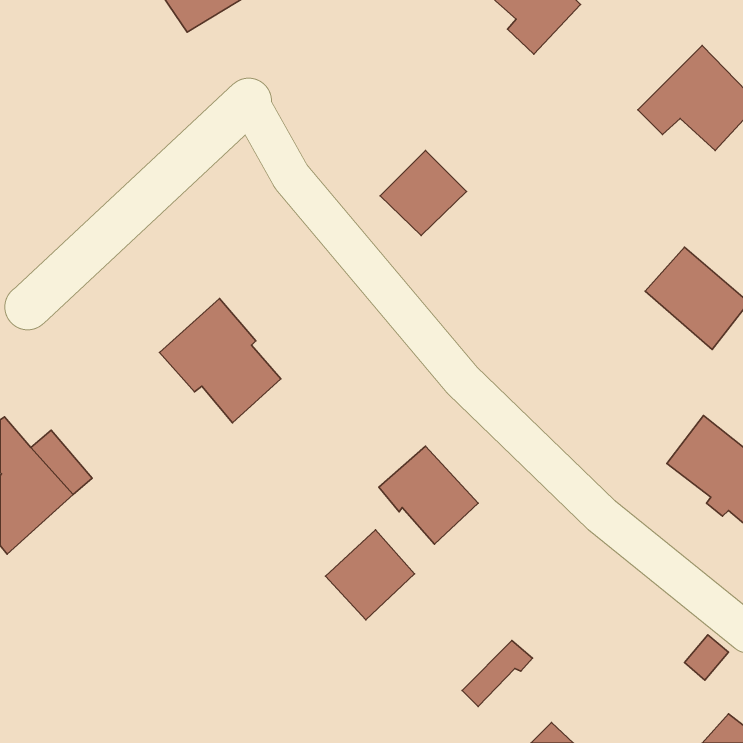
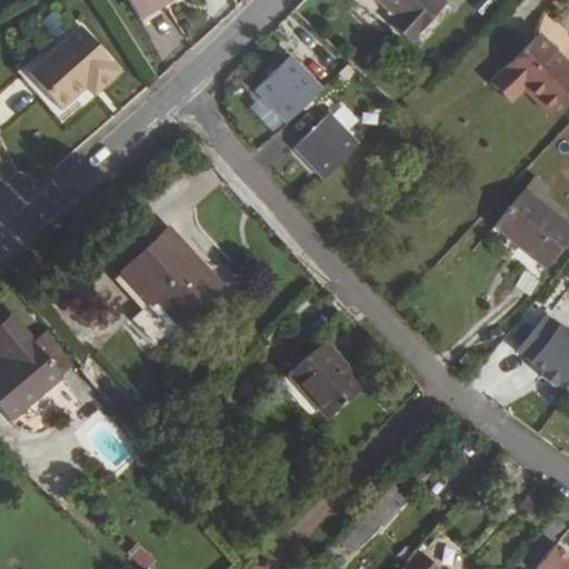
building: none -> [31,24,124,119]
building: none -> [256,53,322,120]
building: [325,530,414,620] -> none

